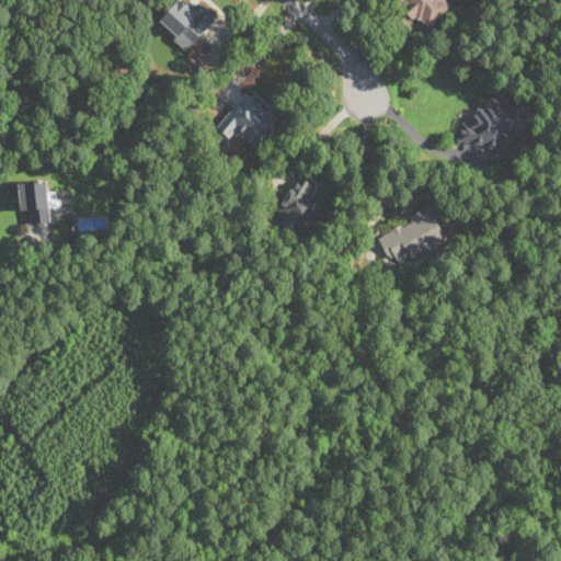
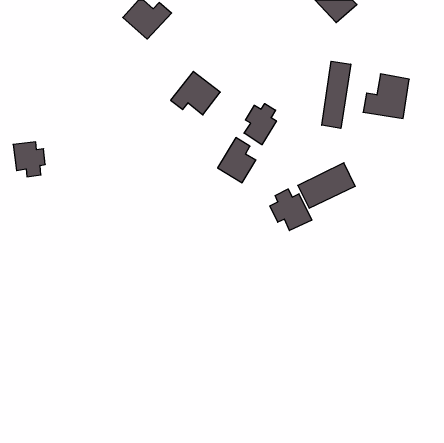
building: none -> [322,61,351,128]
building: none -> [244,104,276,145]
building: none -> [270,189,312,231]

